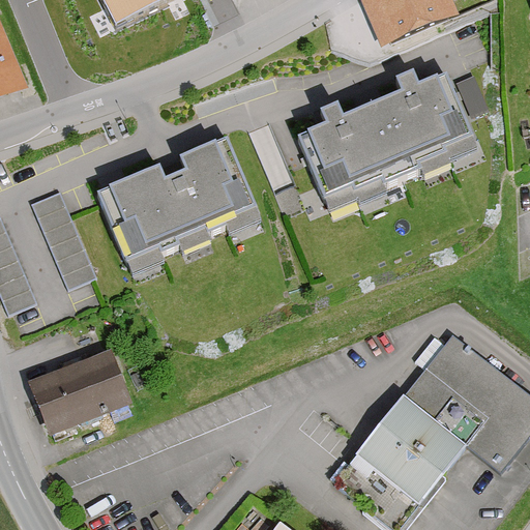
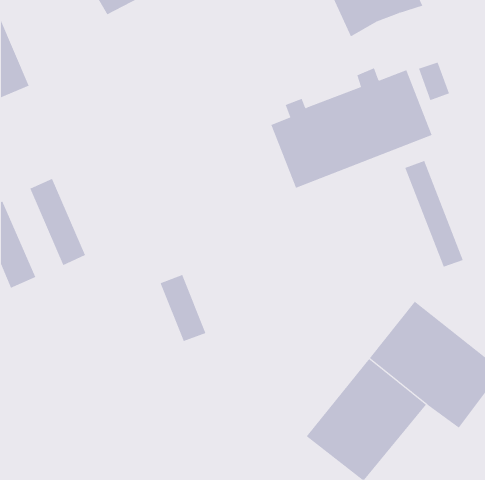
building: [95,139,259,273] -> none
building: none -> [404,160,463,267]
building: none -> [160,274,206,342]
building: [28,350,129,435] -> none

